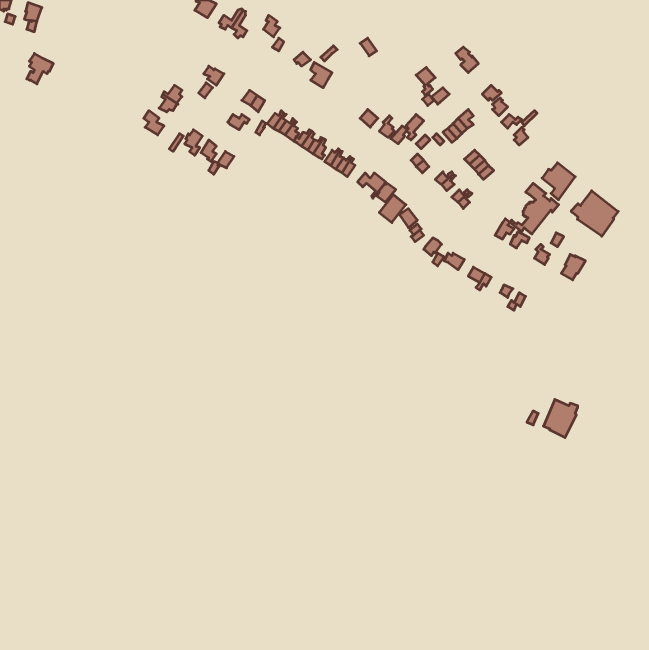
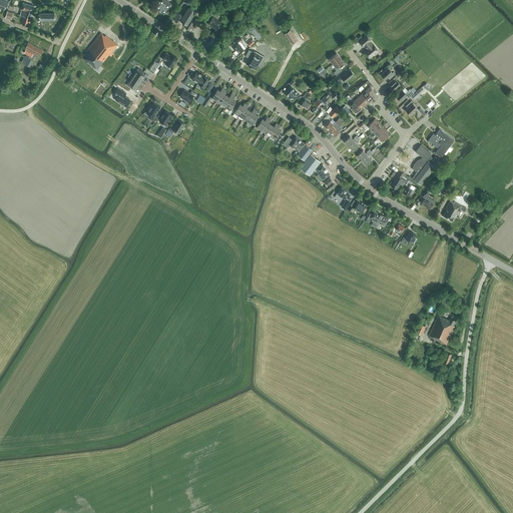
building: none -> [81,33,118,69]
building: [571,191,618,236] -> none

